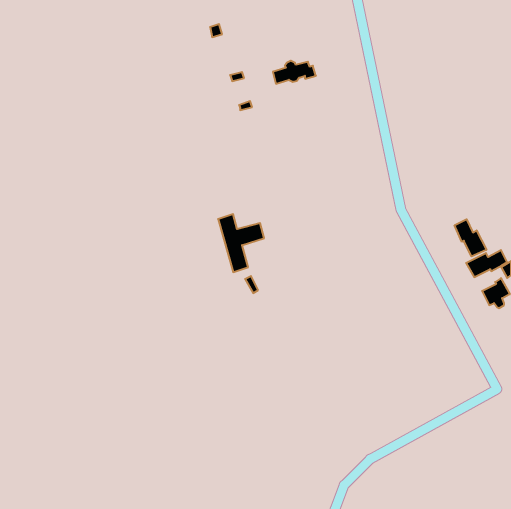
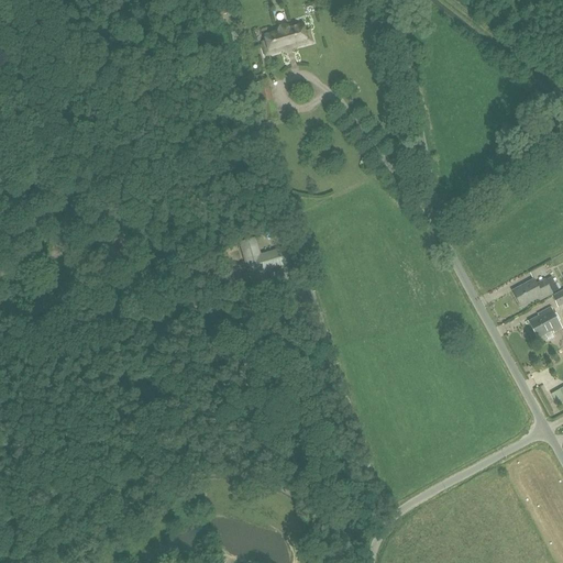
building: [273,61,316,84] -> [265,23,312,48]
building: [455,219,486,256] -> none

